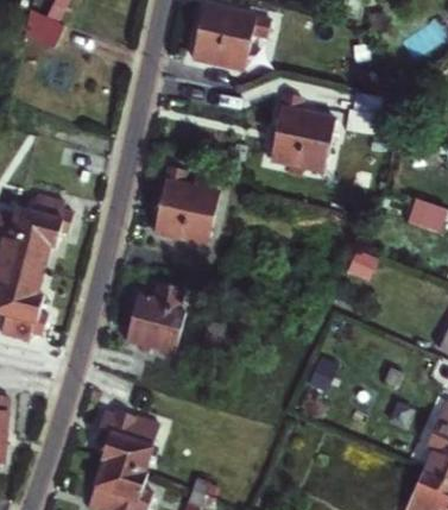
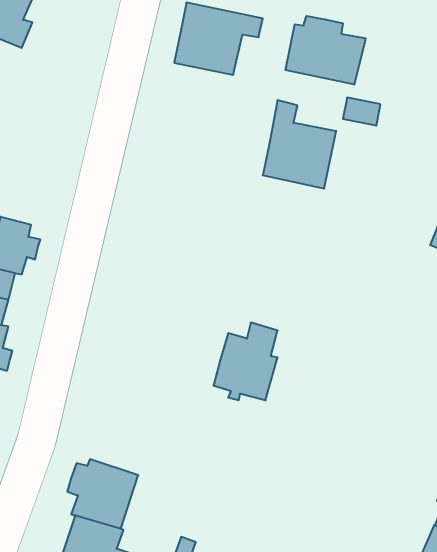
building: none -> [286,16,366,85]
building: [156,166,220,241] -> none
building: [126,283,183,352] -> [213,323,278,400]

